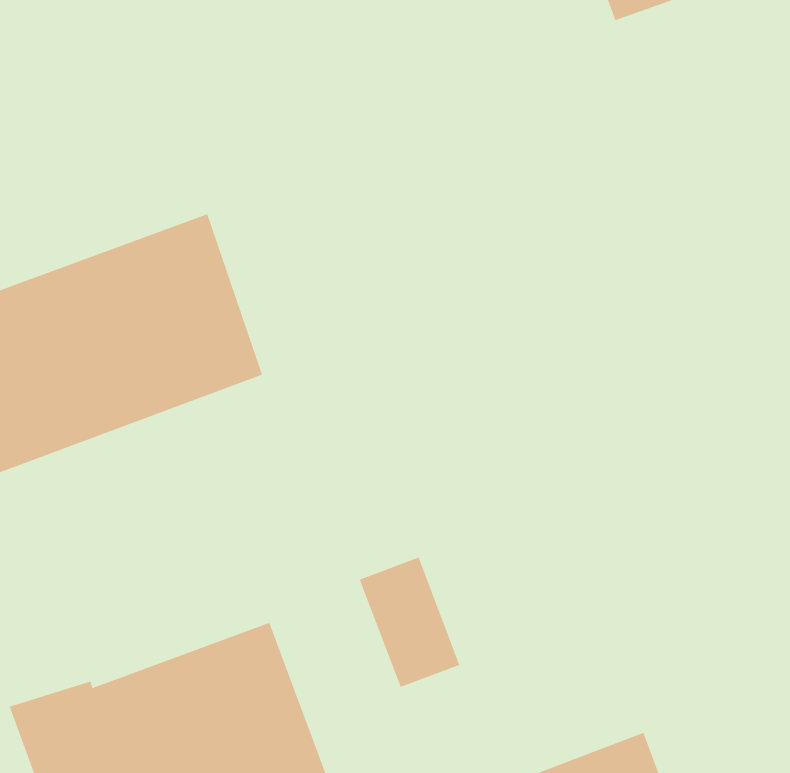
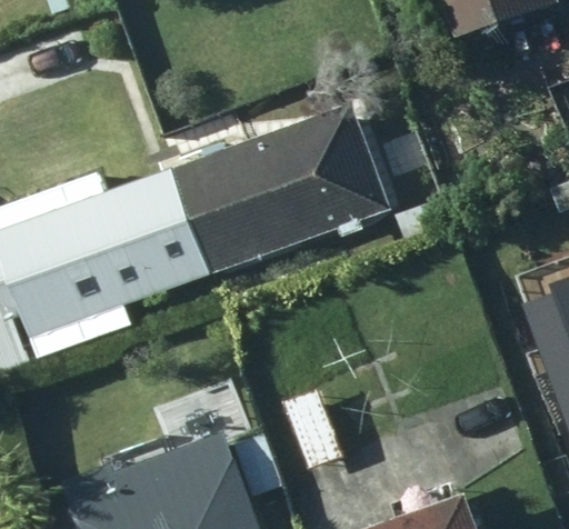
building: none -> [182,104,388,270]

